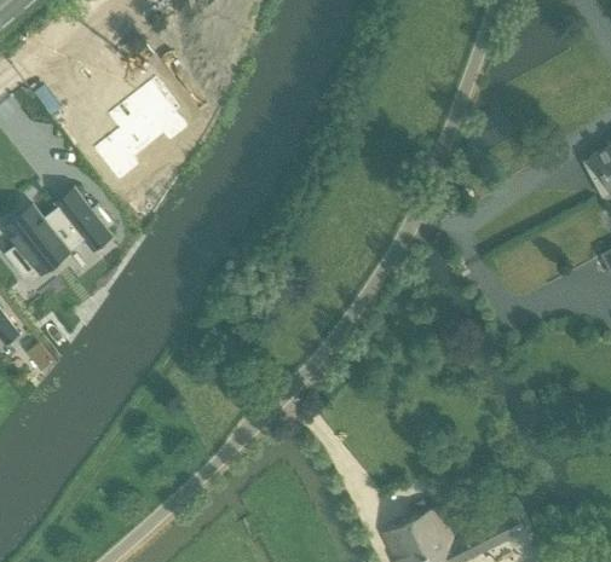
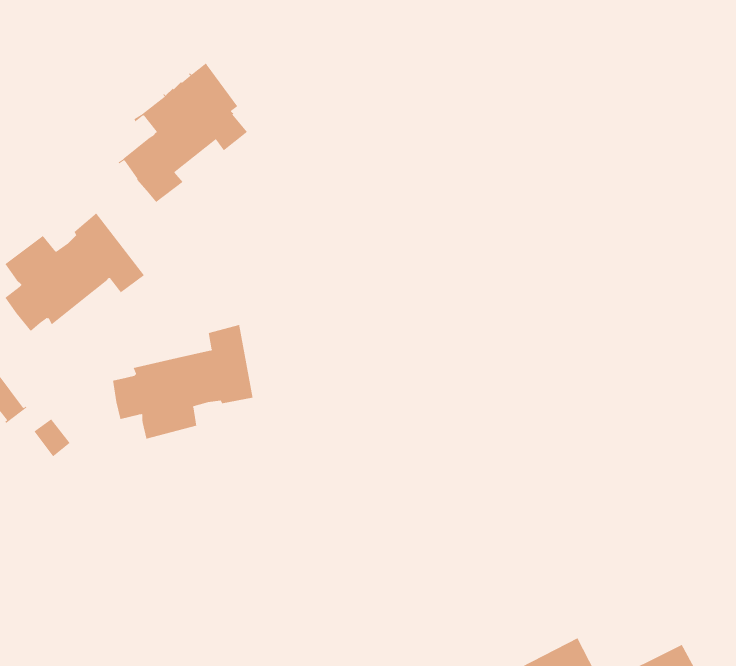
building: none -> [113,324,253,439]

